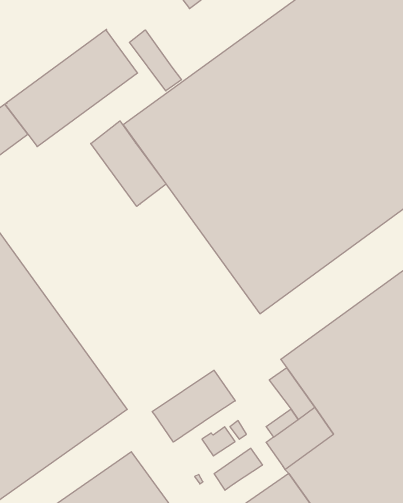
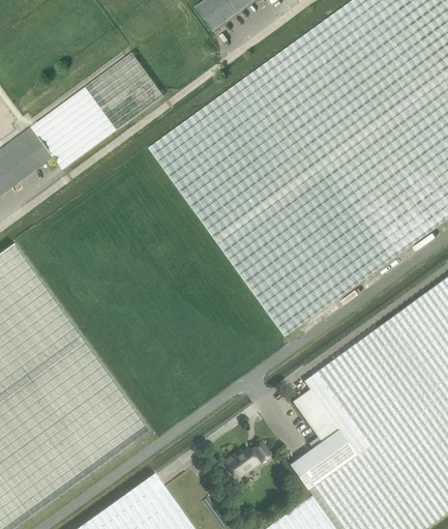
building: [129,30,181,91] -> none
building: [91,121,166,206] -> none
building: [152,370,235,442] -> none
building: [214,448,262,490] -> none

